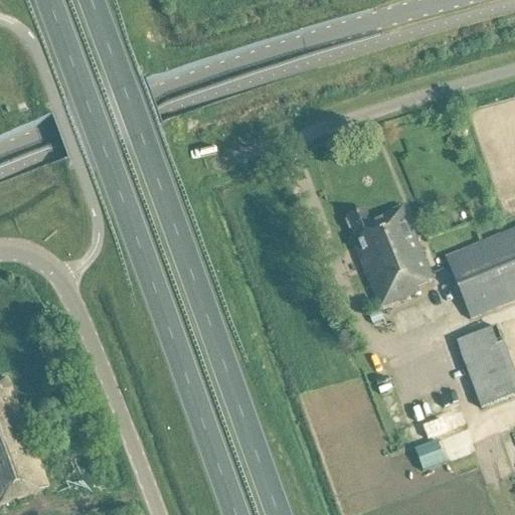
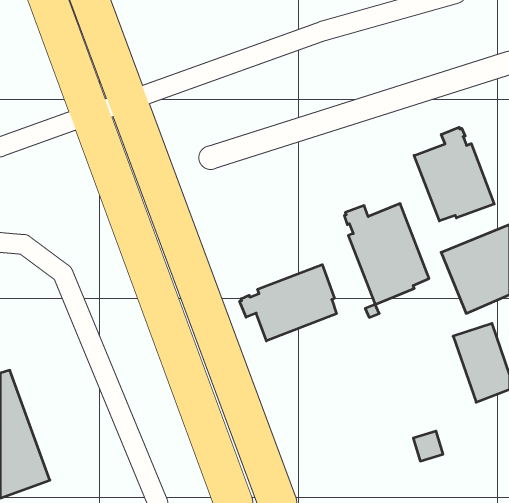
building: none -> [414,127,494,221]
building: none -> [240,265,336,341]

